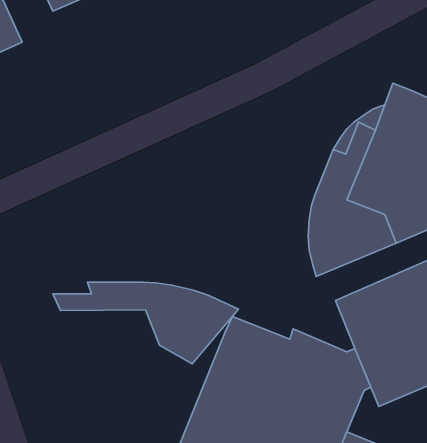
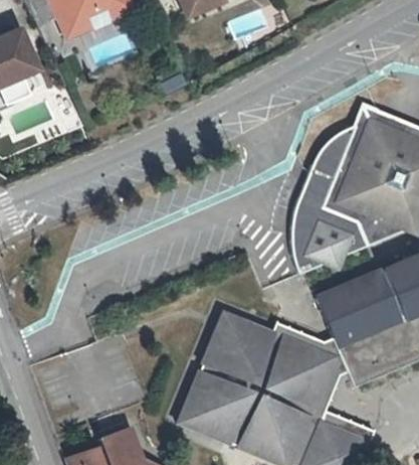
building: [53,282,239,364] -> none

